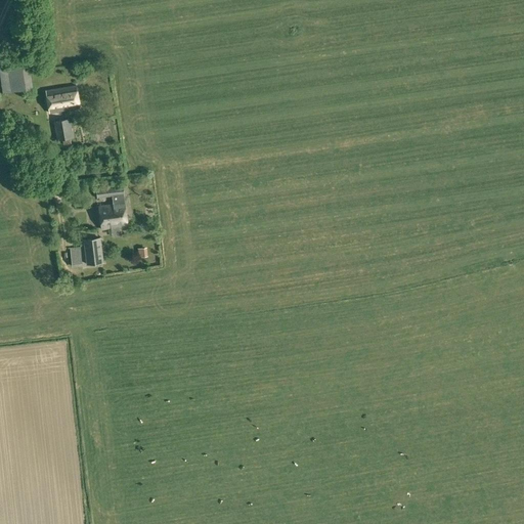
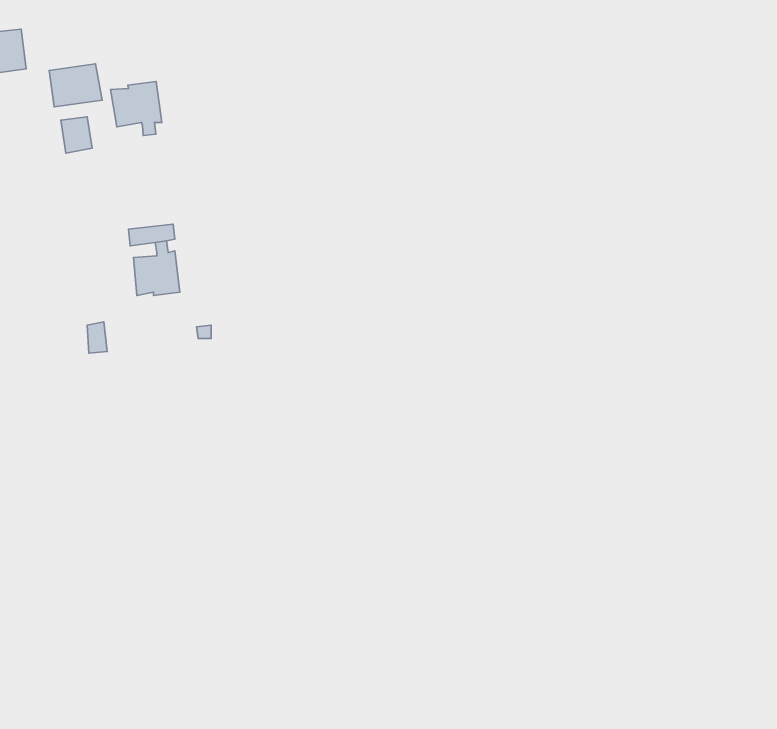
building: none -> [110,81,162,136]
building: [83,238,103,266] -> none

